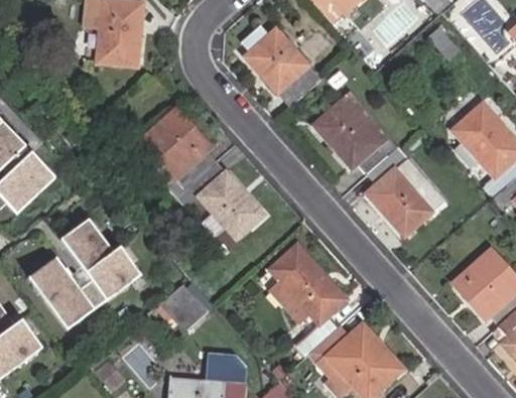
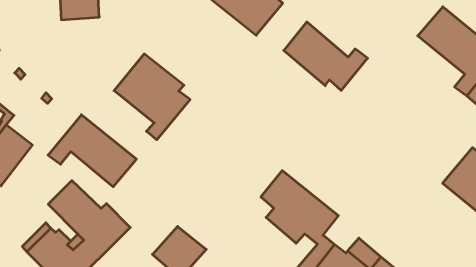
building: [367,146,444,234] -> none
building: [175,161,263,238] -> [48,115,136,187]

